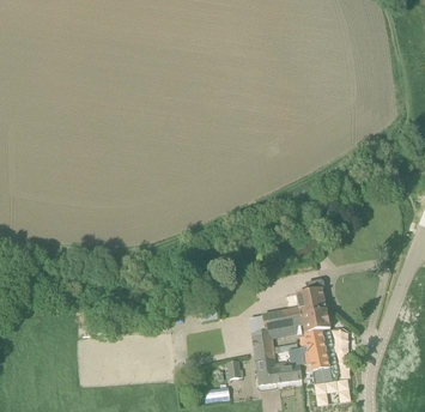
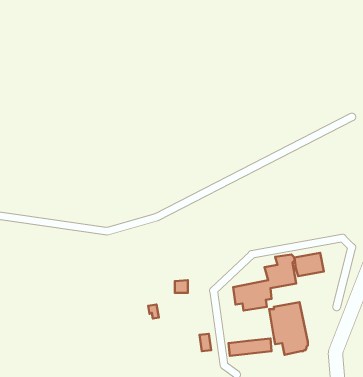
building: [299,310,329,334] -> [295,253,324,276]
building: [251,331,277,371] -> none

